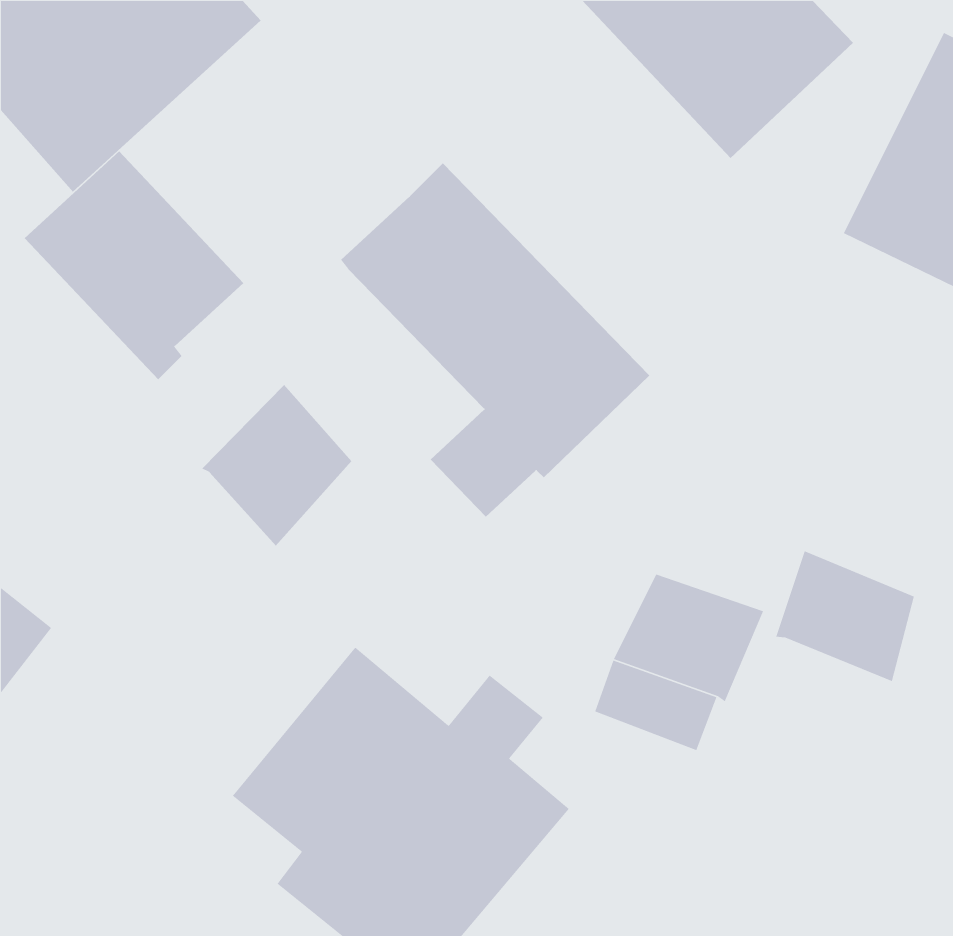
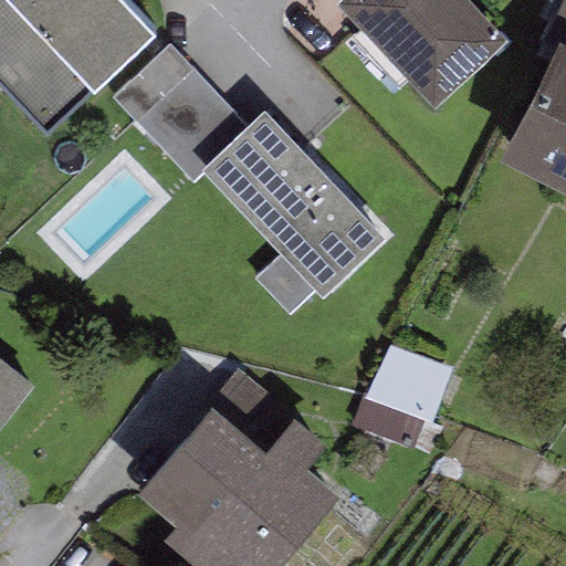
building: [24,150,244,380] -> [113,49,243,185]
building: [201,384,352,546] -> none
building: [775,550,915,682] -> none

